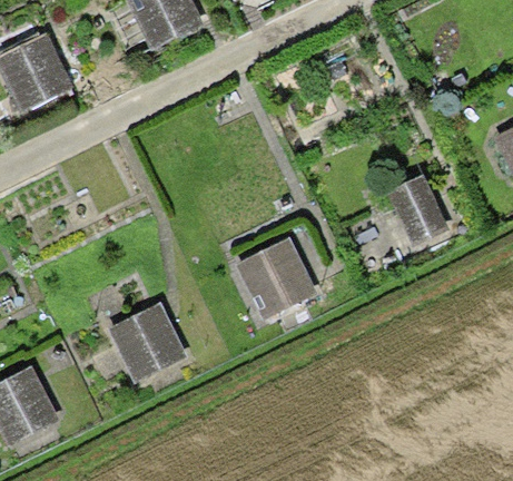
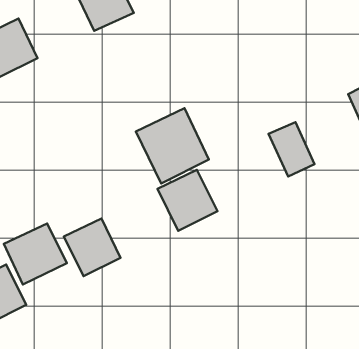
building: none -> [136,108,209,184]
building: none -> [4,223,67,284]

